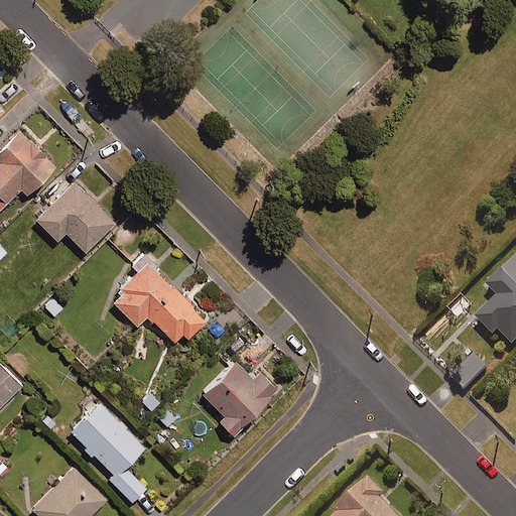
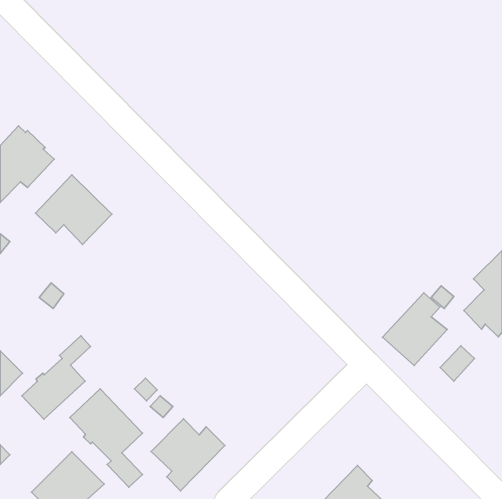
building: [109,257,207,343] -> none
building: none -> [382,293,447,366]
building: none -> [22,336,91,419]
building: [204,363,279,436] -> [151,419,225,491]

